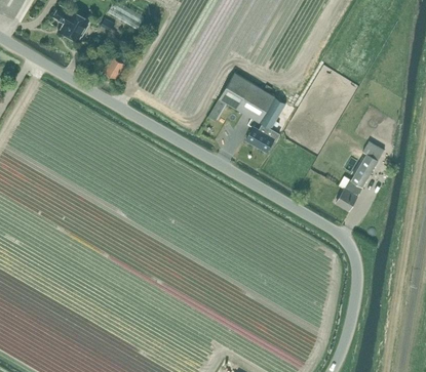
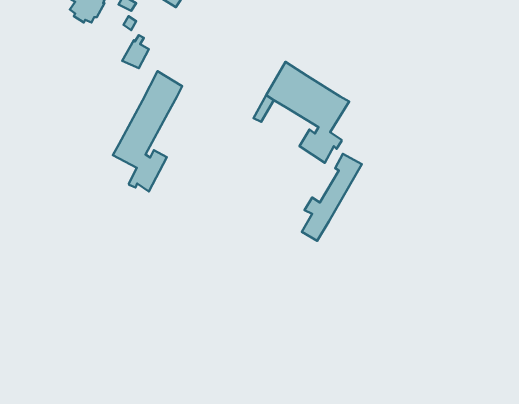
building: none -> [113,71,182,191]
building: [335,141,383,211] -> [302,154,362,241]

